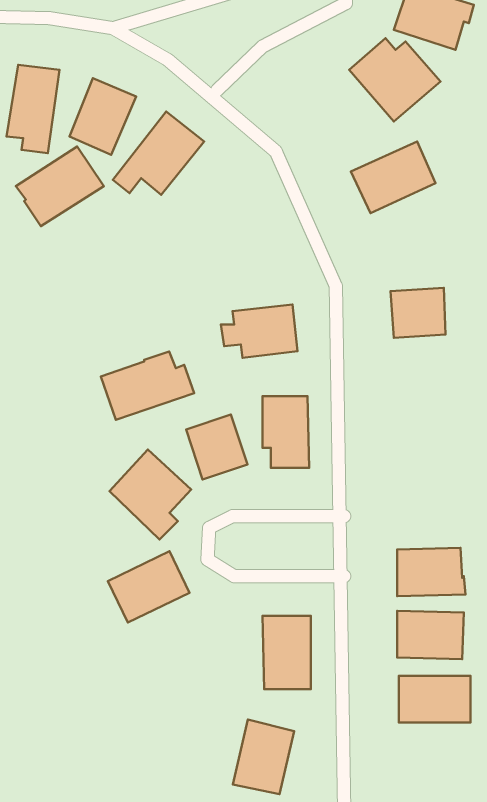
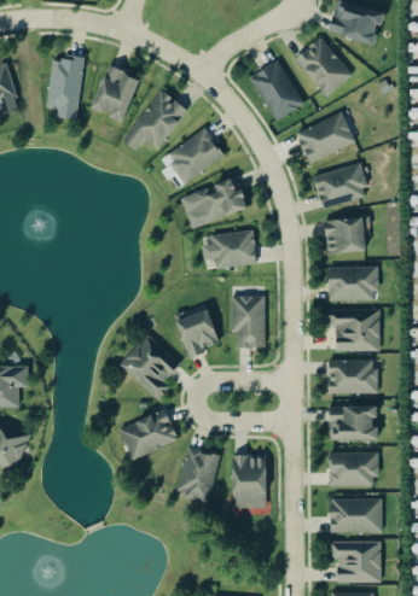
building: none -> [250,60,302,121]
building: [16,146,104,226] -> [159,128,223,186]
building: none -> [313,163,368,208]
building: [101,351,194,420] -> [180,179,248,228]
building: none -> [327,267,377,300]
building: none -> [326,309,379,351]
building: none -> [327,358,376,393]
building: [233,719,294,794] -> [175,446,220,501]
building: none -> [329,541,381,583]

